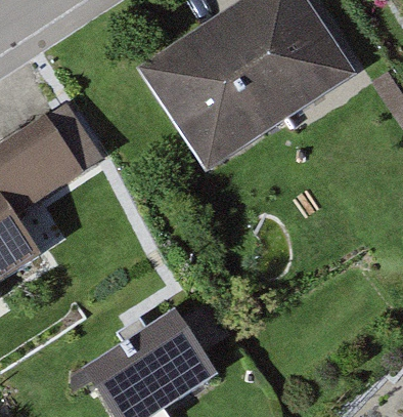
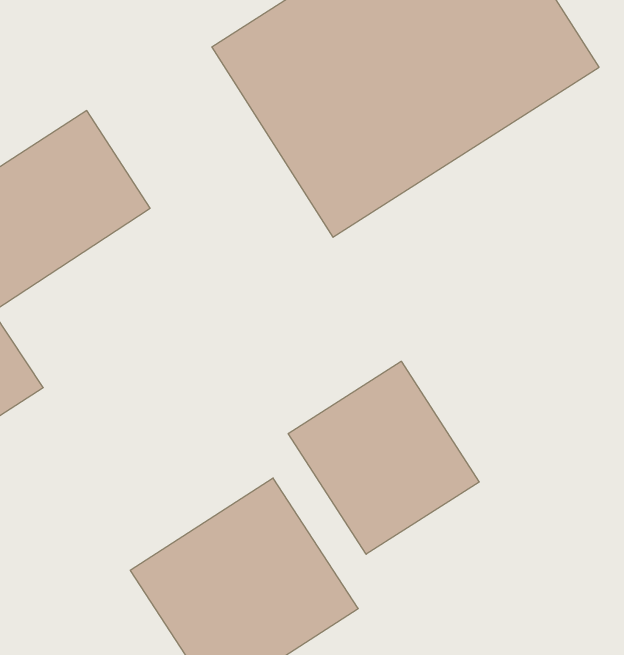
building: none -> [288,361,479,554]

